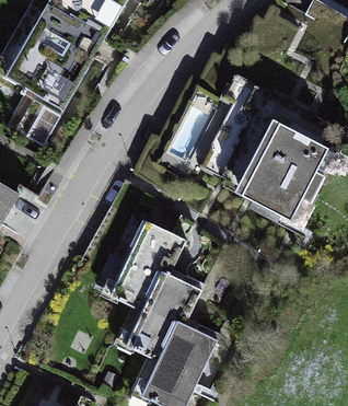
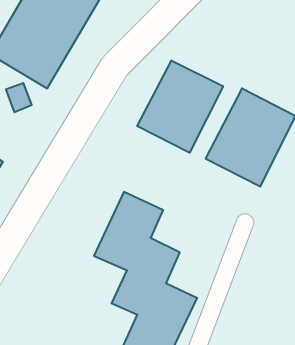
building: none -> [137,60,223,153]

